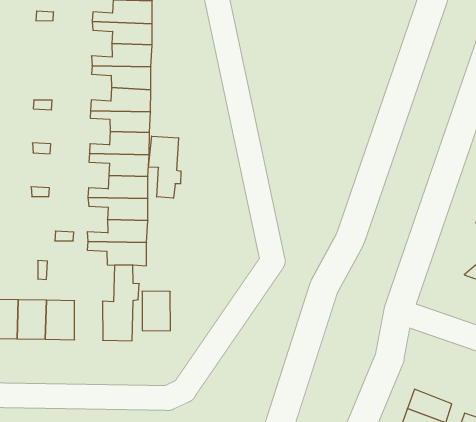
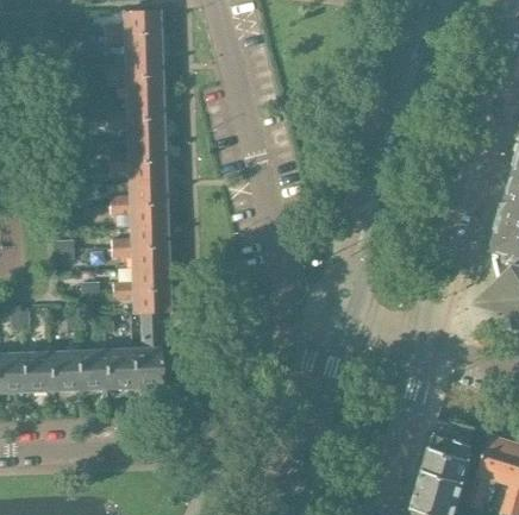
building: [149,136,181,198] -> none
building: [142,291,170,331] -> [104,348,133,388]

